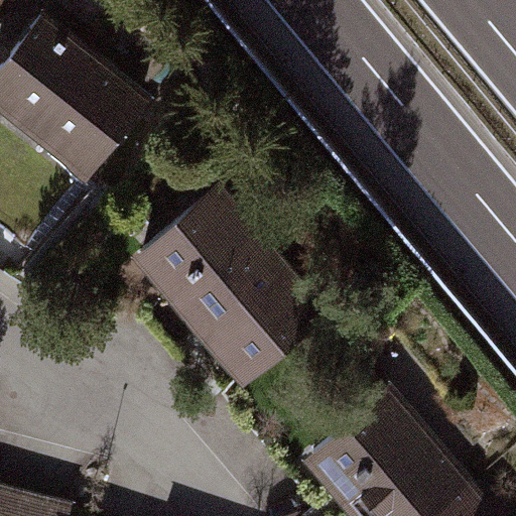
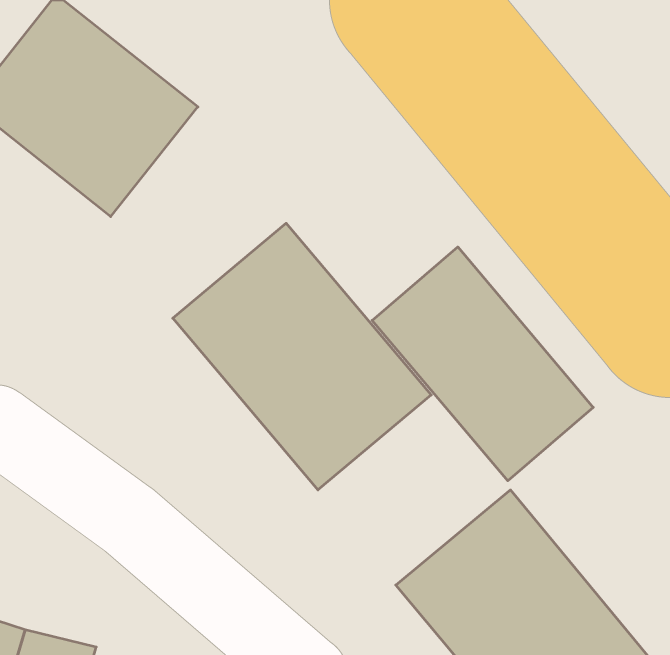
building: none -> [372,247,593,481]

